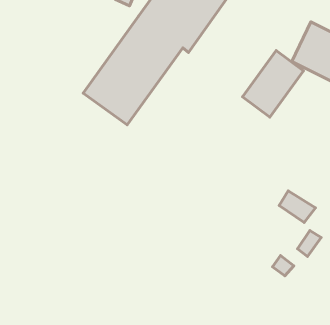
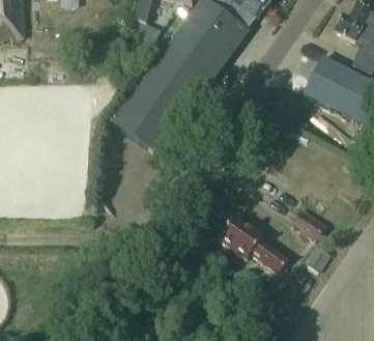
building: [243,50,303,117] -> none
building: none -> [218,216,287,273]

